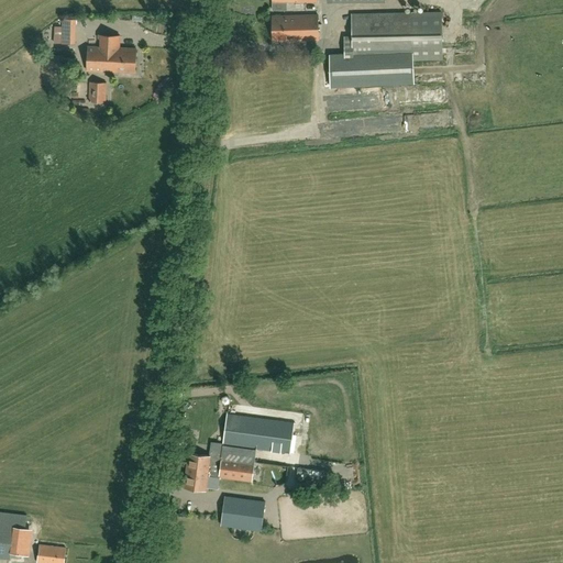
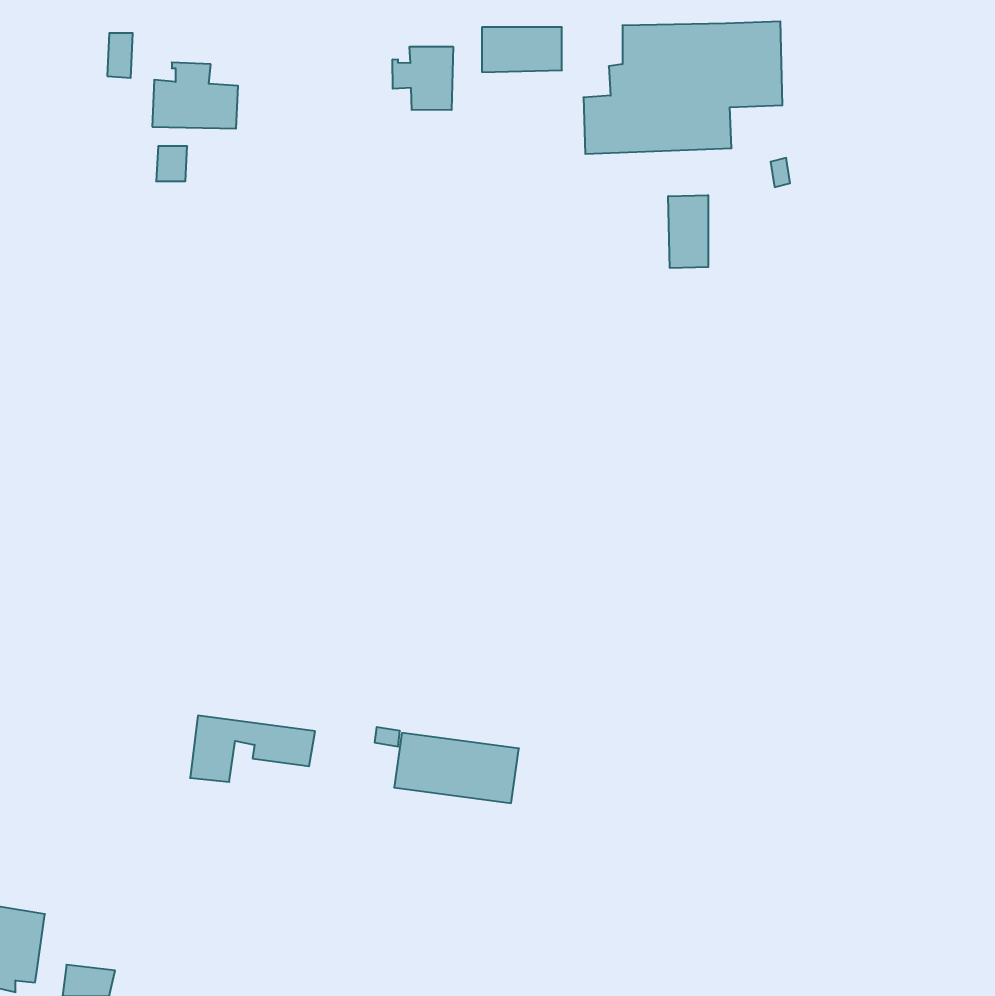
building: none -> [393,47,453,110]
building: none -> [668,195,708,268]
building: [183,453,253,490] -> [190,716,315,782]
building: [220,497,264,531] -> none

